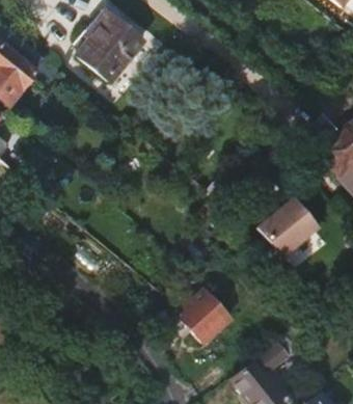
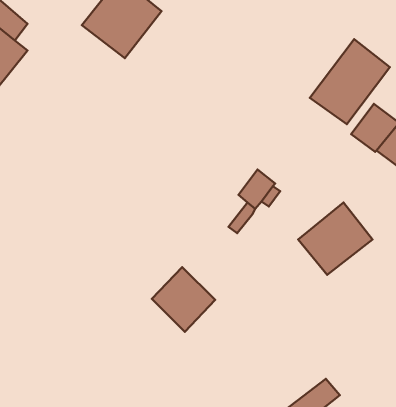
building: none -> [310,39,390,124]
building: [180,294,232,347] -> [152,267,215,332]

